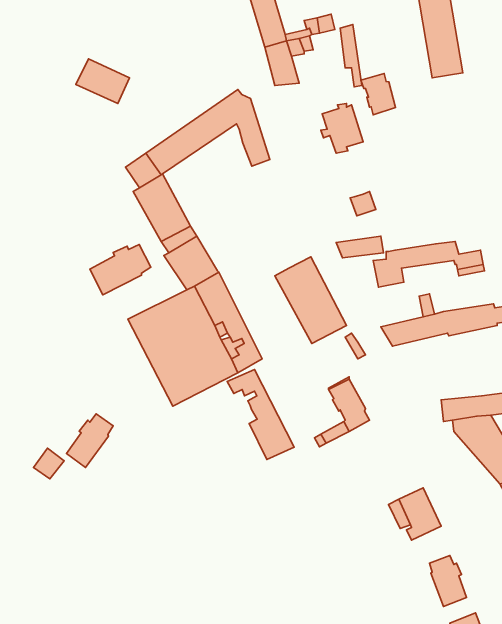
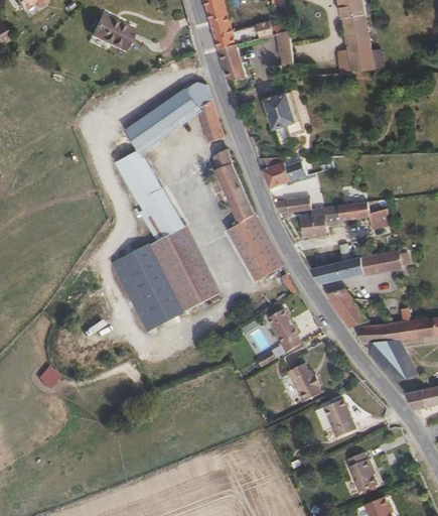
building: [76,59,129,103] -> [90,16,132,51]
building: [361,74,395,115] -> none
building: none -> [211,149,255,223]
building: none -> [258,158,291,189]
building: [90,244,151,295] -> none
building: none -> [326,289,368,328]
building: [227,369,294,459] -> none
building: [67,414,113,467] -> none
building: none -> [289,361,321,399]

